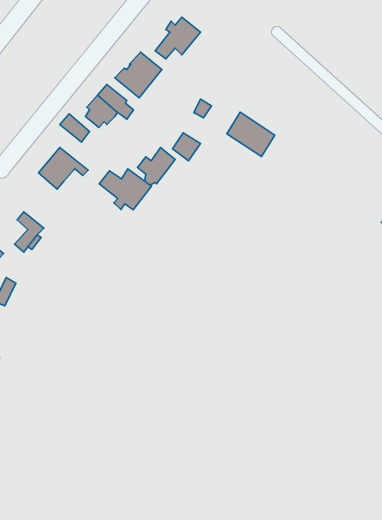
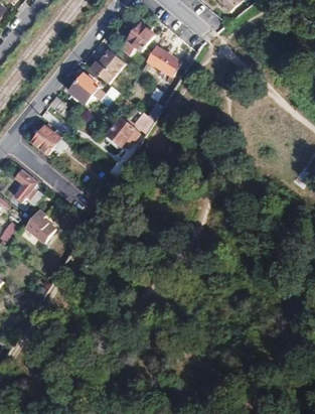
building: [227,112,275,157] -> [145,47,181,81]
building: [99,169,151,210] -> none
building: none -> [26,211,56,243]

